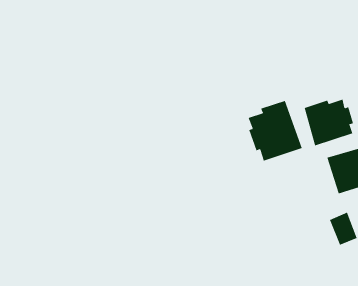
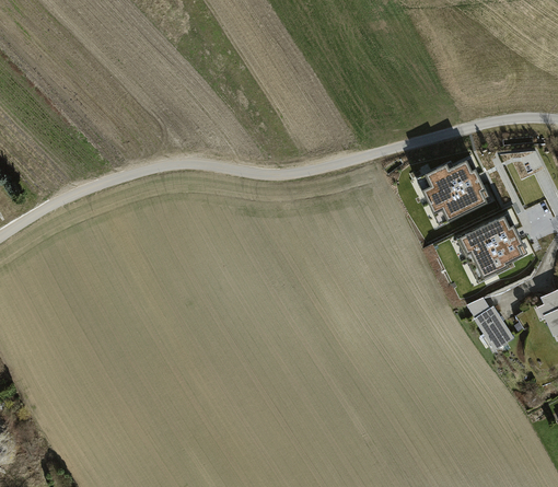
building: [248,100,303,161] -> none

